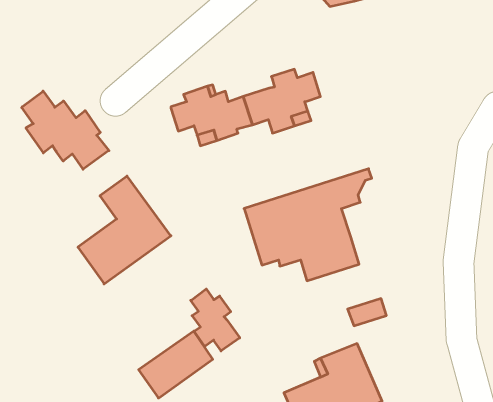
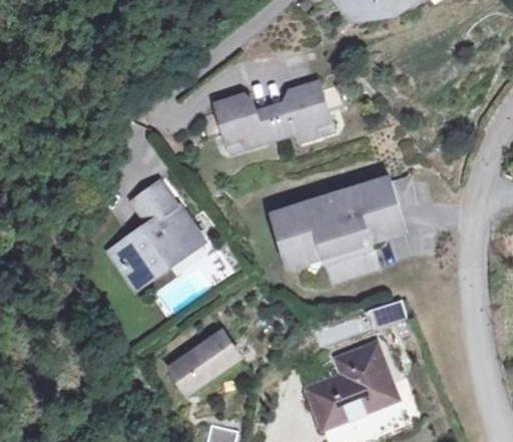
building: [22,91,109,169] -> none
building: none -> [362,183,405,240]
building: [191,289,240,351] -> none

